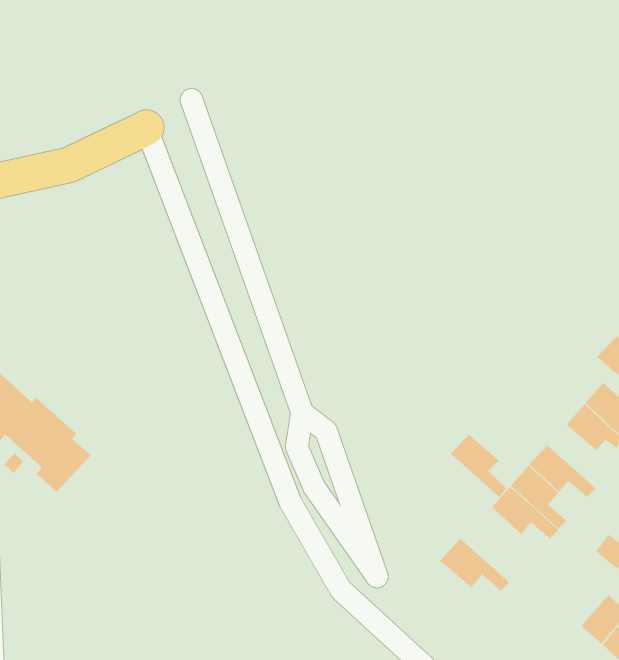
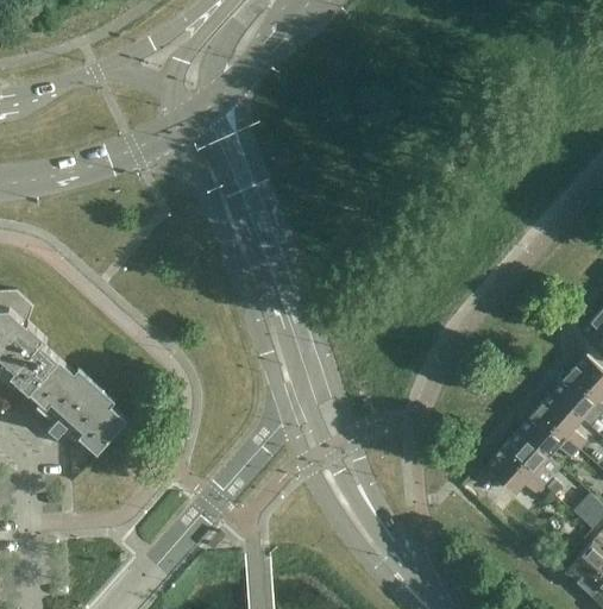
building: [450,434,507,498] -> [535,397,586,454]
building: [439,538,510,592] -> none

